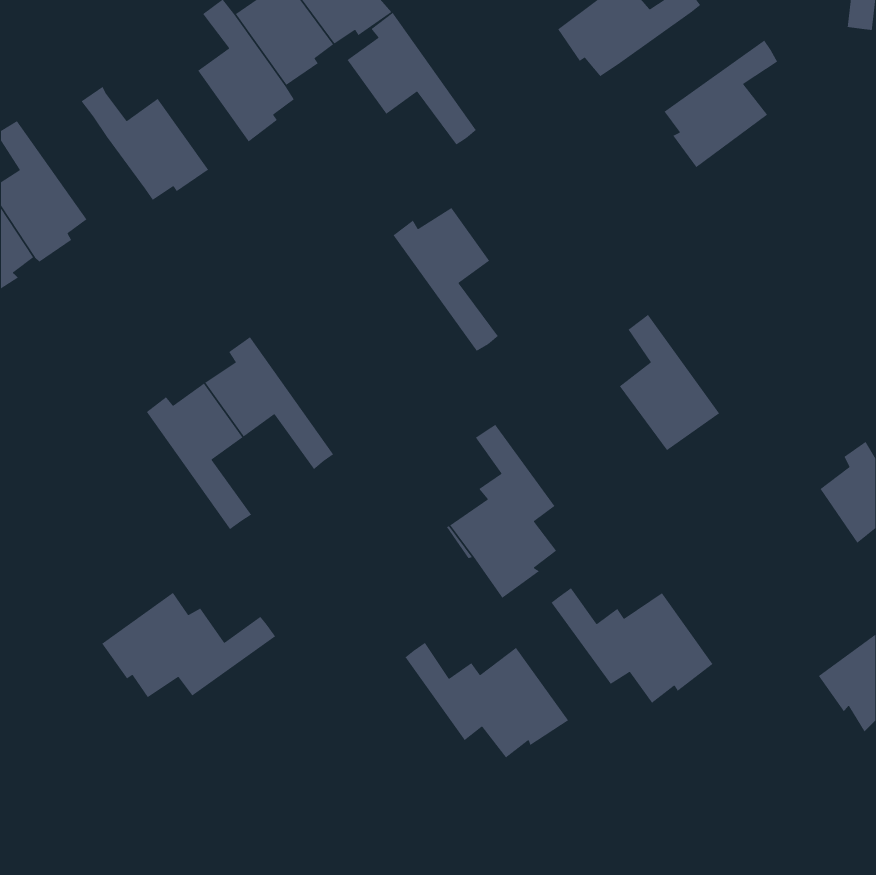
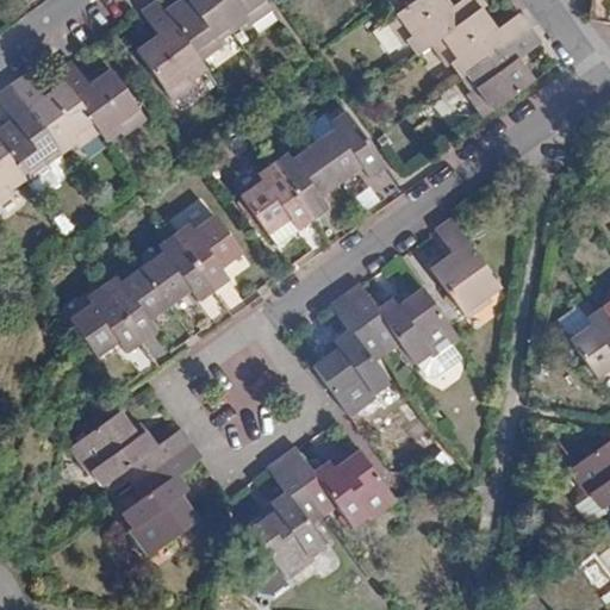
building: [347,12,477,146] -> [313,110,404,203]
building: none -> [431,8,531,77]
building: none -> [12,73,100,152]
building: none -> [241,163,331,255]
building: none -> [174,214,247,316]
building: none -> [69,286,160,378]
building: [551,587,713,704] -> [344,284,458,365]
building: none -> [122,442,201,554]
building: none -> [250,456,325,579]

